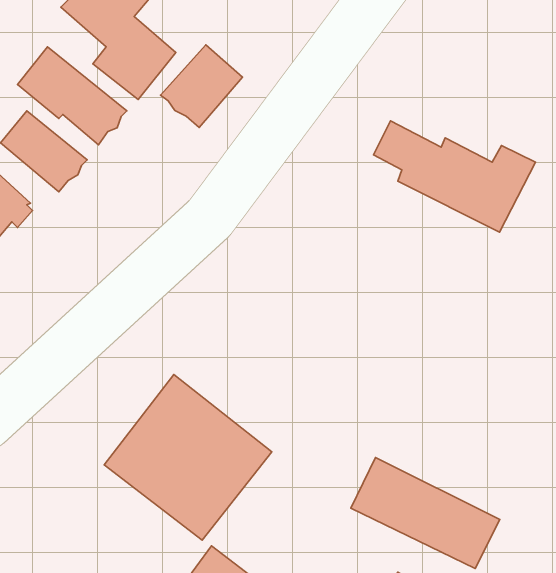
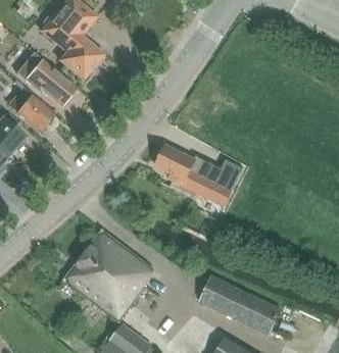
building: [161,45,243,128] -> none
building: [373,121,535,232] -> [157,147,245,207]

